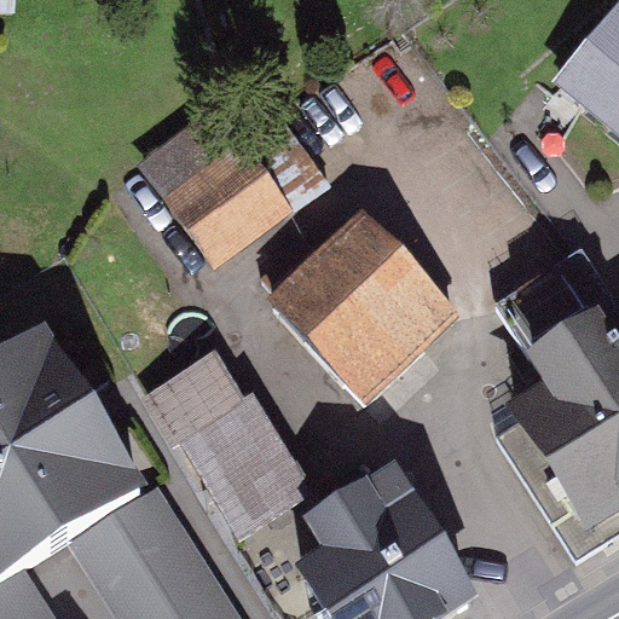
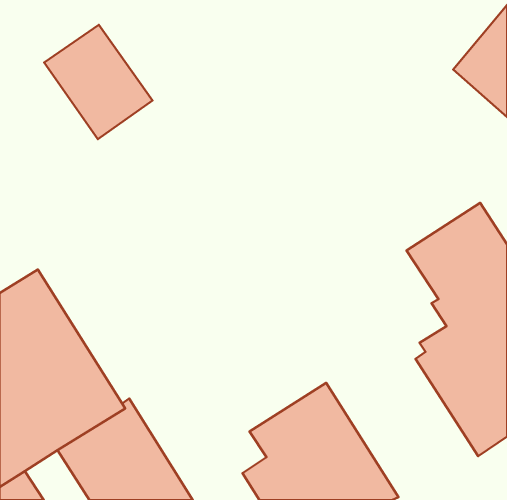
building: [151,120,283,259] -> [44,25,152,139]
building: [273,213,462,403] -> none
building: [146,358,300,536] -> none

